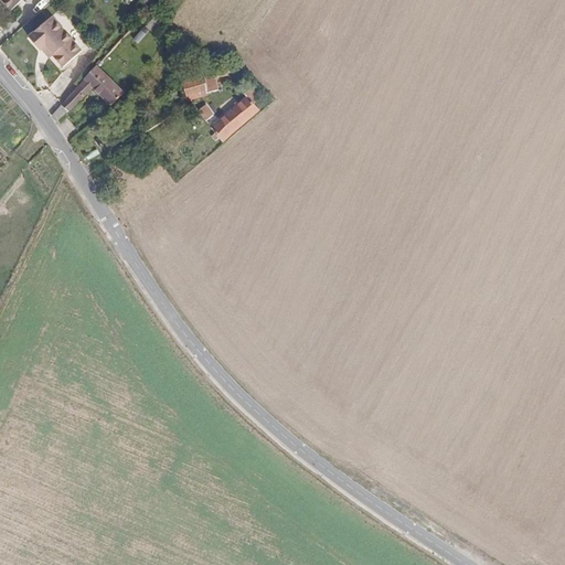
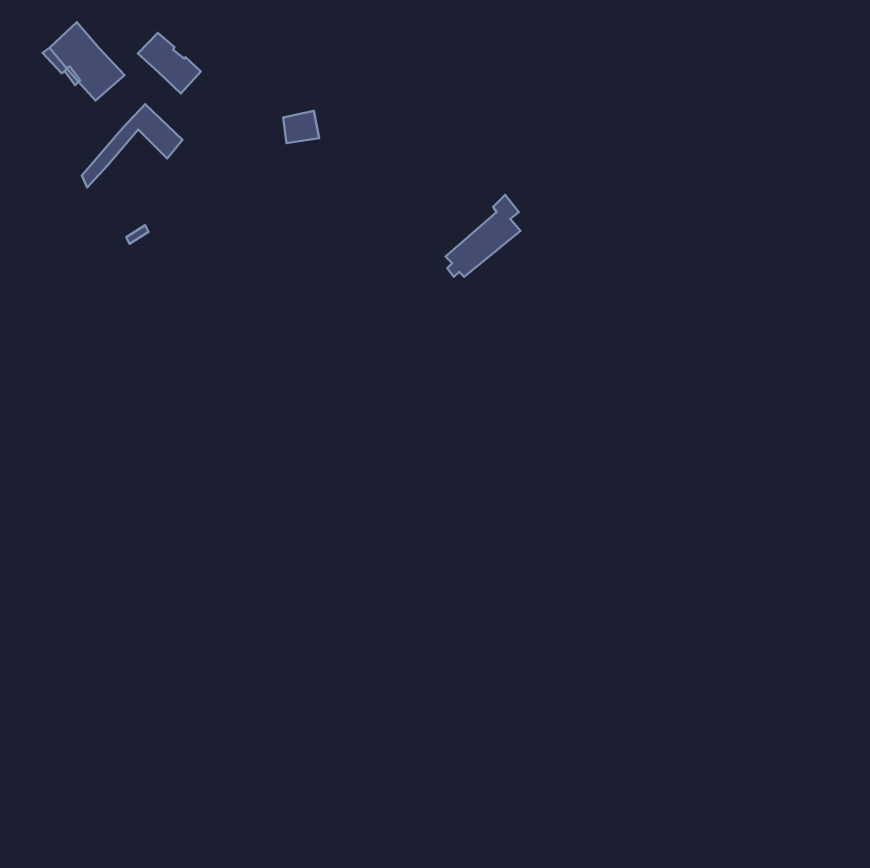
building: none -> [138,33,201,94]
building: [212,86,260,139] -> [445,195,520,277]

